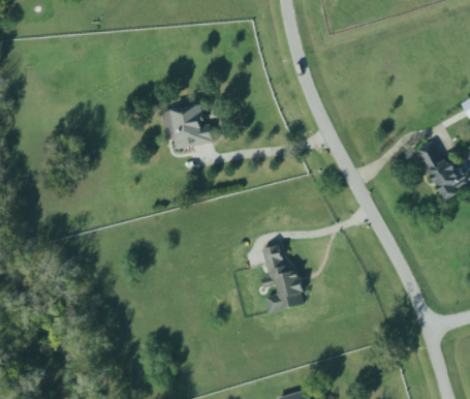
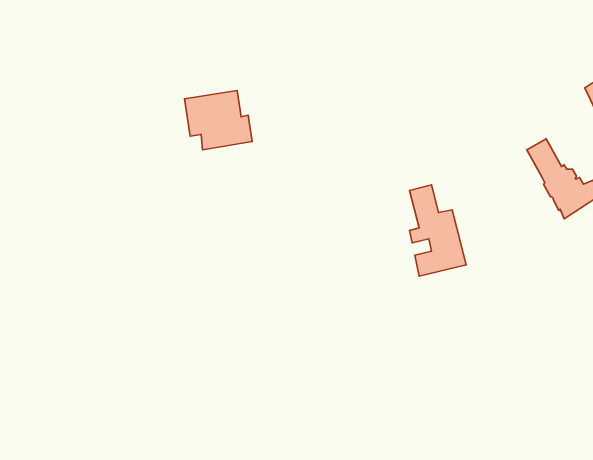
building: [261,245,304,313] -> [409,185,466,276]

